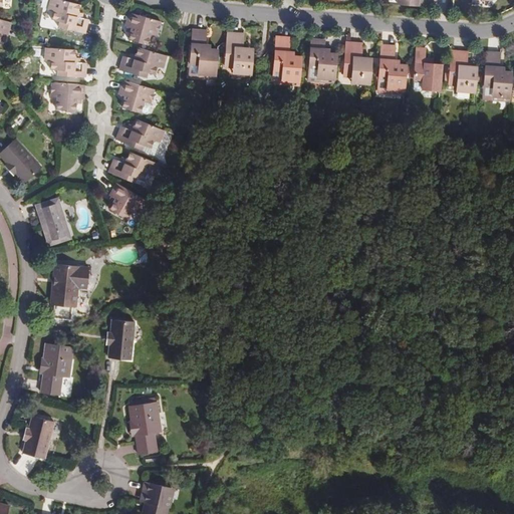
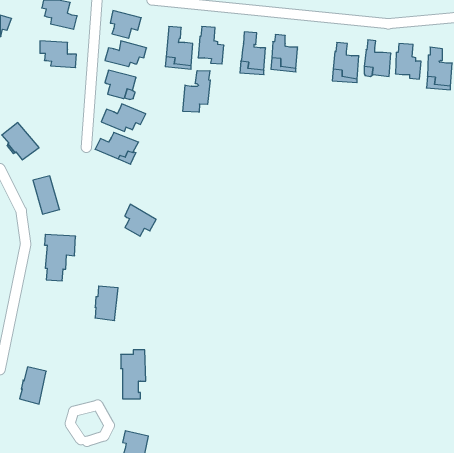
building: [342,43,371,85] -> none
building: none -> [183,71,210,112]
building: [51,81,85,108] -> none
building: [108,181,144,217] -> [125,204,156,236]
building: [41,341,73,395] -> none

